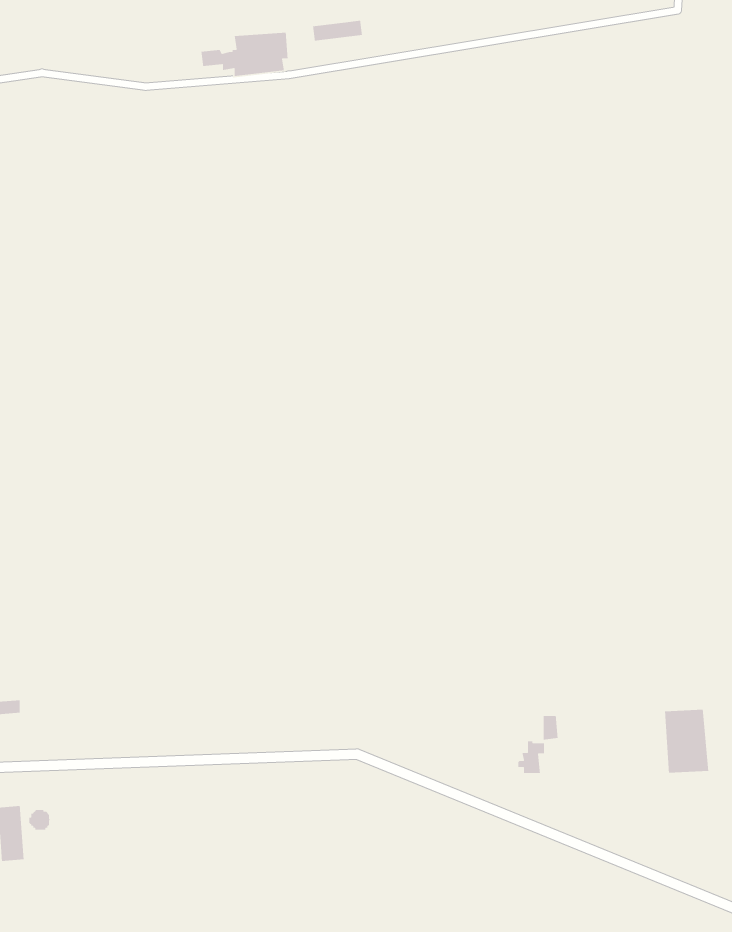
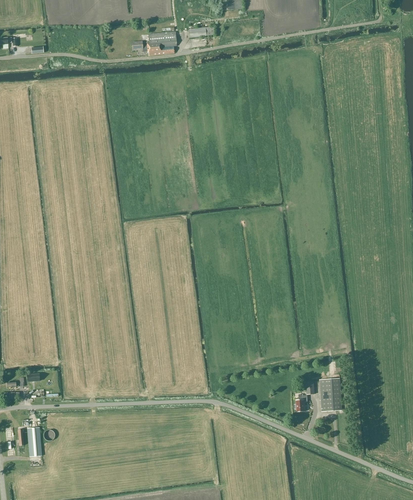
building: [664,709,709,773] -> [318,378,341,411]

